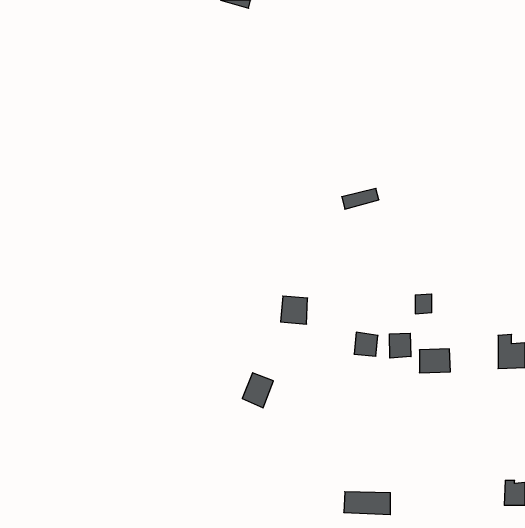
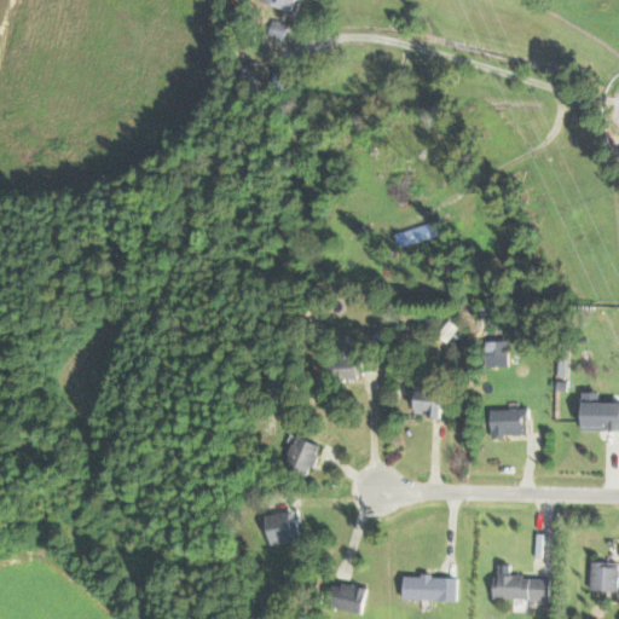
building: [390,333,411,358] -> none
building: none -> [265,510,299,544]
building: none -> [493,565,549,601]
building: none -> [328,584,365,613]

